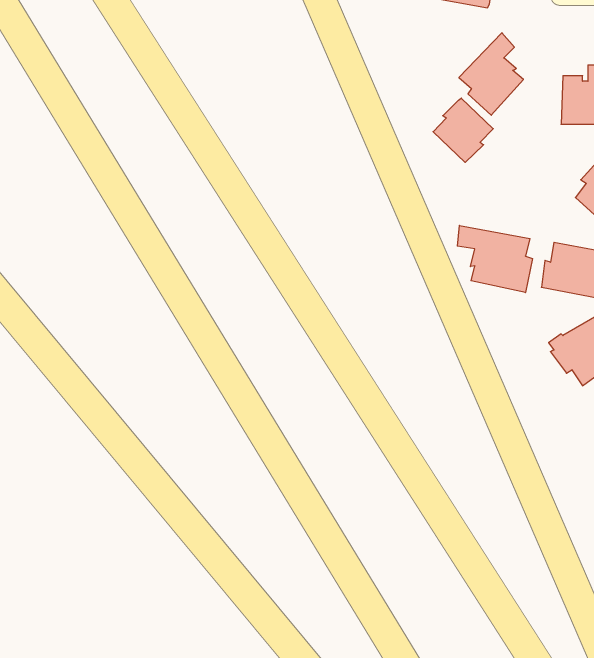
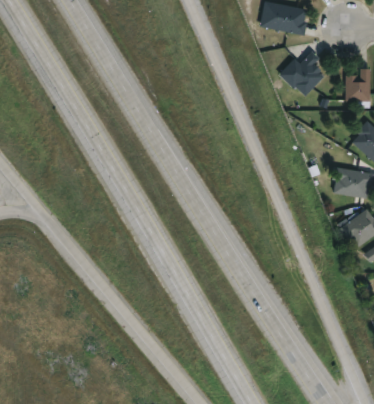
building: [433,98,493,162] -> none
building: [457,225,532,293] -> none

